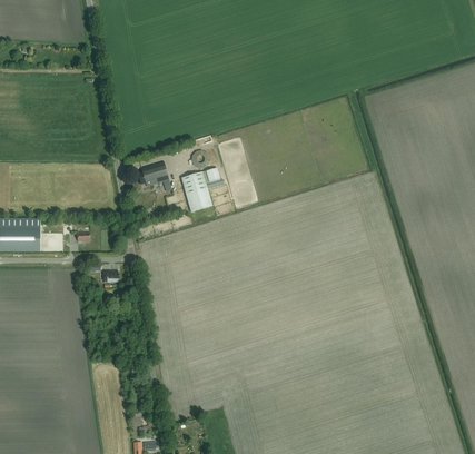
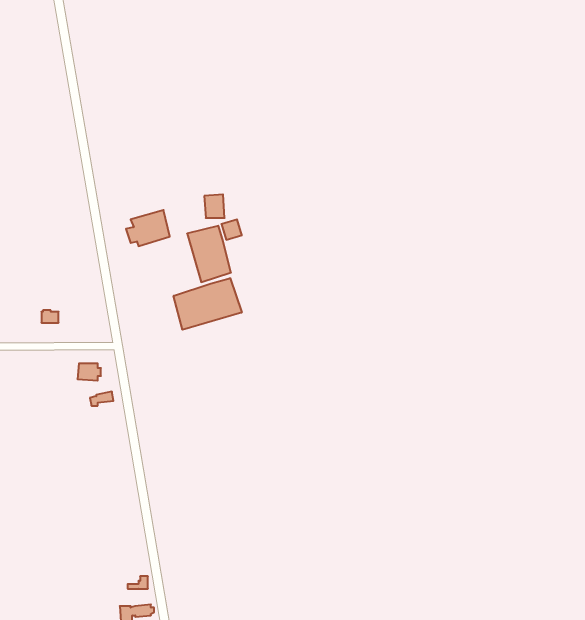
building: none -> [174,278,242,330]

